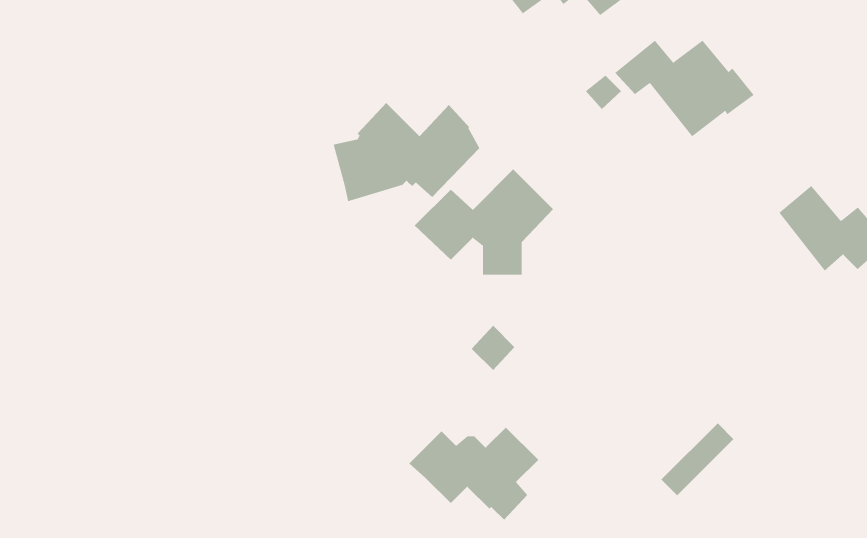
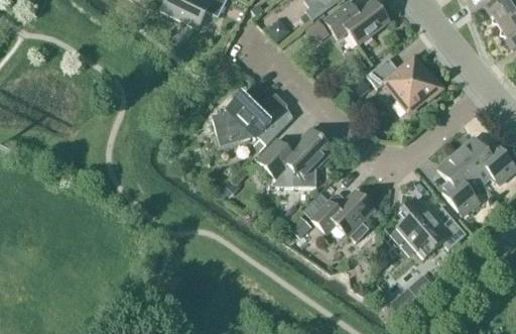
building: none -> [438,151,482,215]
building: none -> [397,197,467,250]
building: [408,427,539,521] -> [303,190,375,241]

